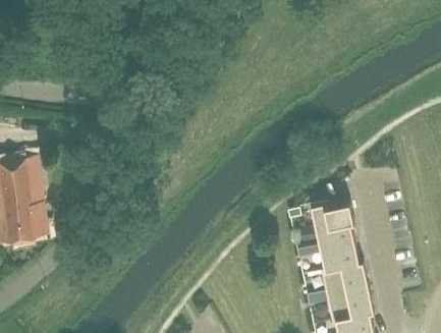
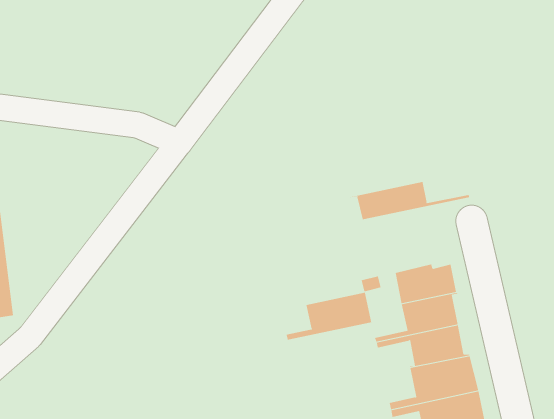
building: none -> [349,181,469,220]
building: none -> [286,292,372,341]

